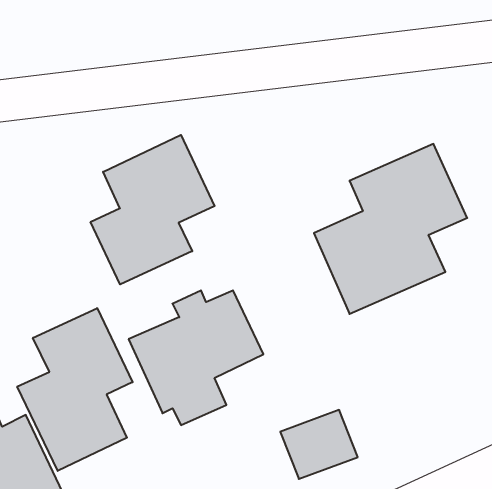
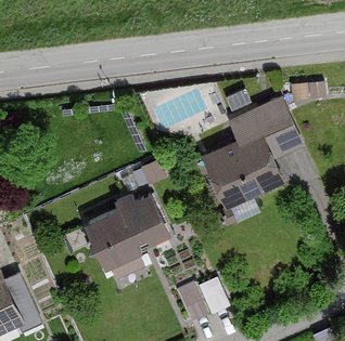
building: [91,135,215,284] -> none
building: [17,308,133,471] -> none

